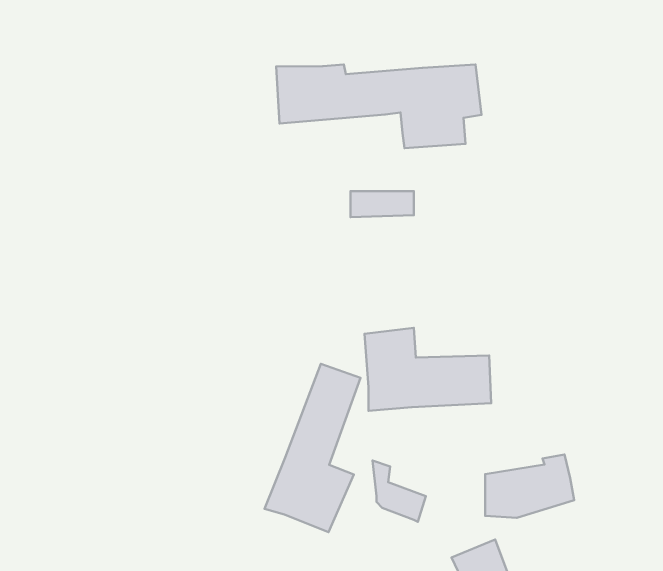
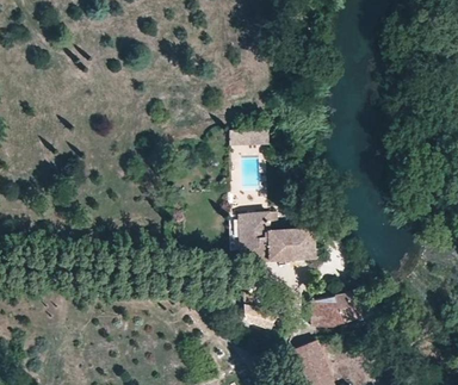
building: [276,64,481,148] -> none
building: [264,364,360,532] -> none

